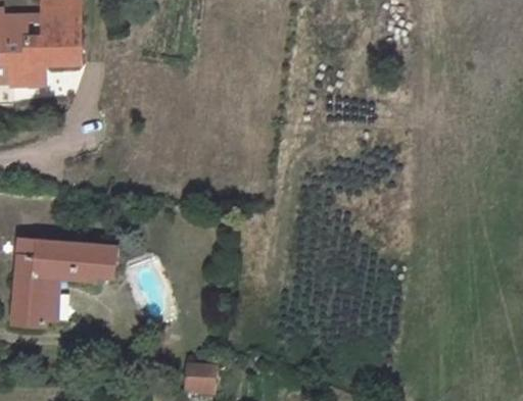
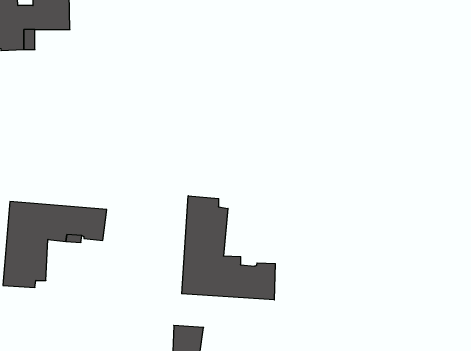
building: none -> [182,196,275,300]

